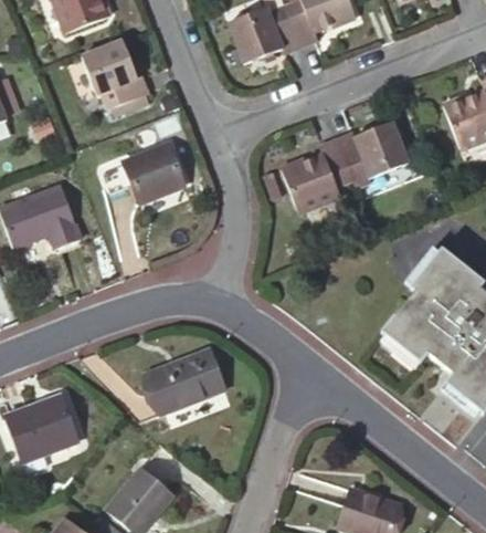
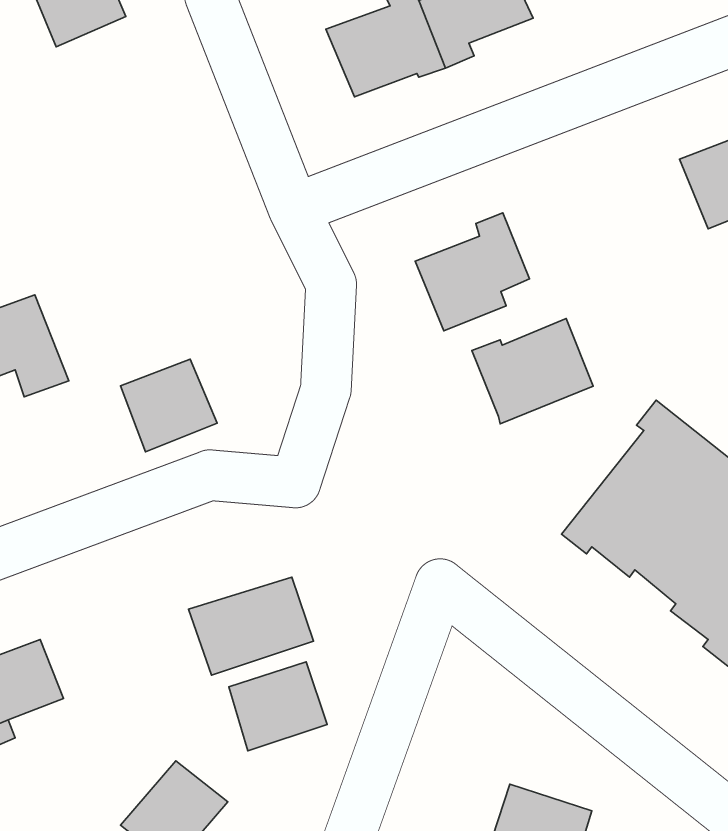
building: [82,36,149,106] -> none
building: [345,114,420,179] -> [472,318,593,424]
building: [115,145,175,202] -> [121,359,217,452]
building: none -> [229,662,327,751]

